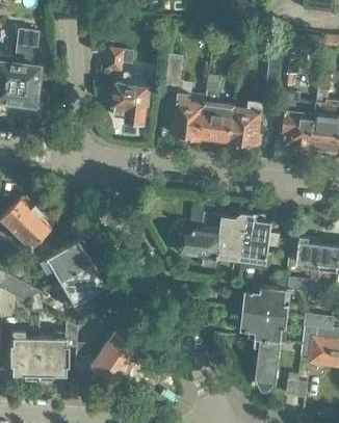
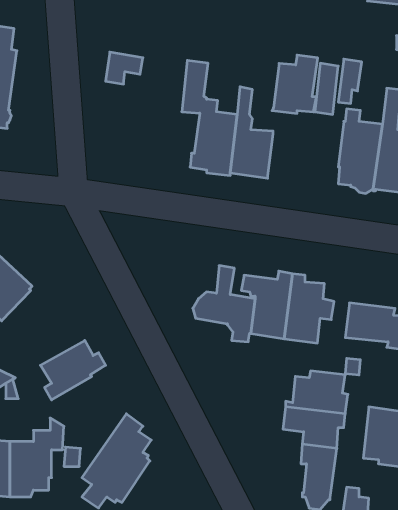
building: [113,77,154,127] -> none
building: [229,104,263,148] -> [272,55,318,113]
building: [35,240,93,284] -> none

